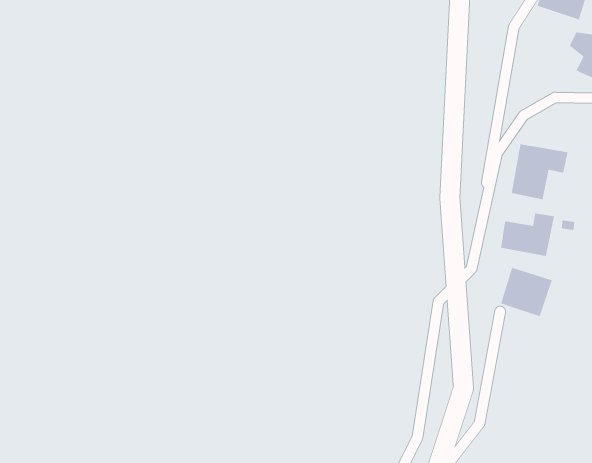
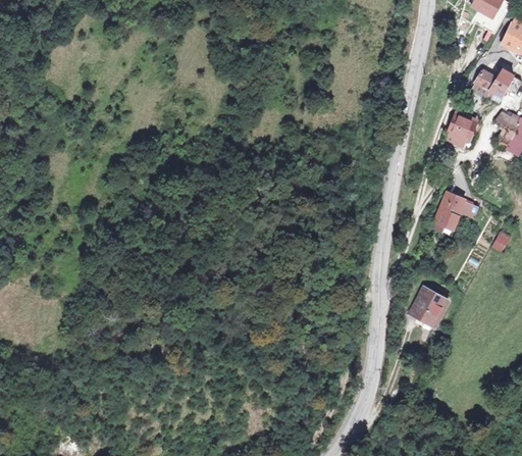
building: none -> [442,109,475,146]
building: [500,213,555,257] -> none

